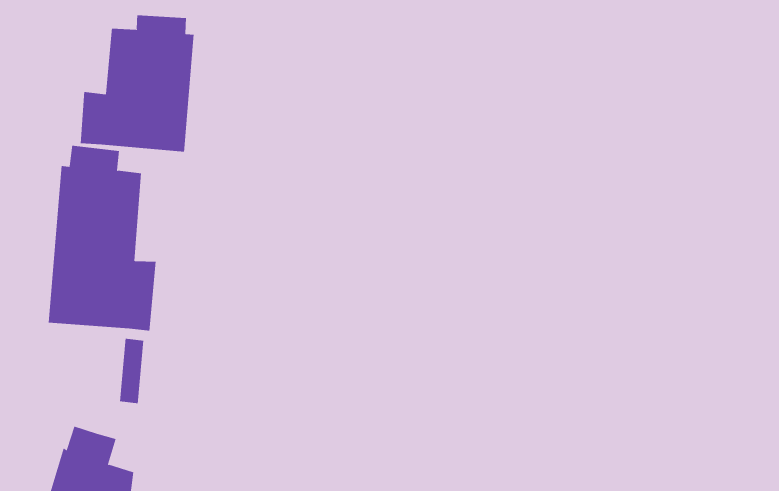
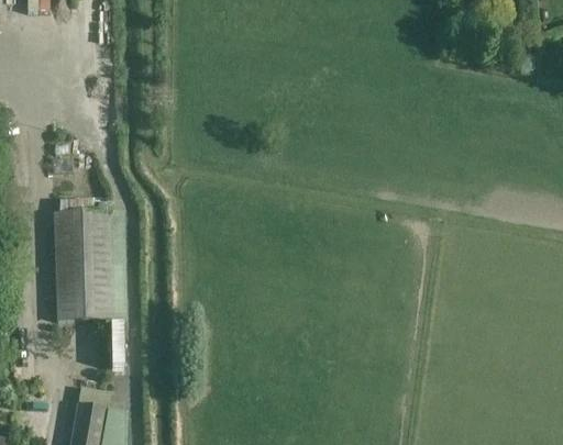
building: [80,15,194,153] -> none

